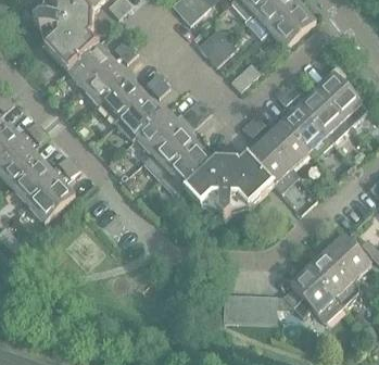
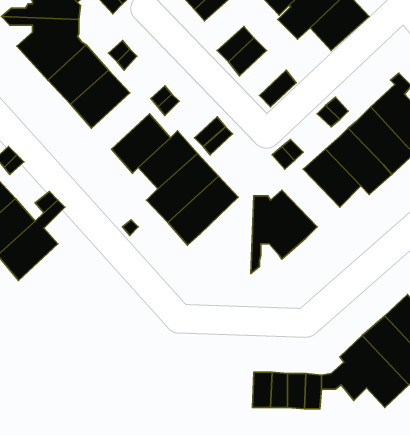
building: [101,79,146,123] -> none
building: [248,138,300,191] -> none
building: [185,158,226,218] -> none

